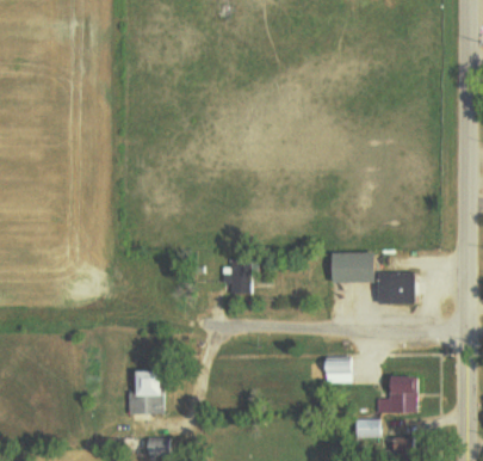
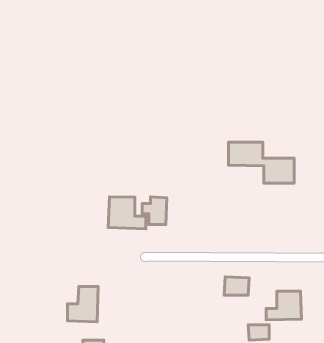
building: [334,252,416,303] -> [228,142,294,183]
building: none -> [108,197,146,229]

